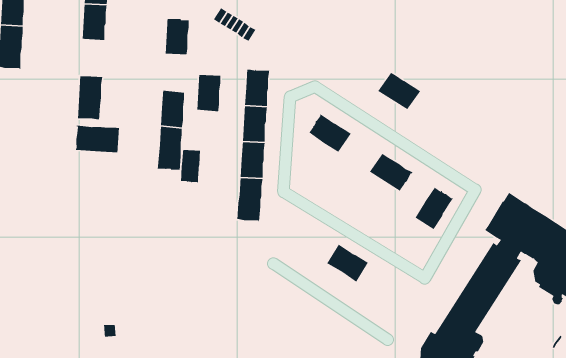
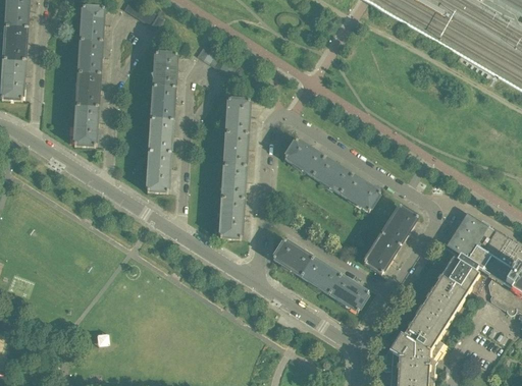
building: none -> [75,71,99,105]
building: [377,72,421,110] -> [311,157,351,191]
building: [196,74,221,112] -> [151,85,173,119]
building: [75,125,120,153] -> none
building: [180,149,201,183] -> none
building: none -> [362,233,398,272]
building: none -> [271,239,311,275]
building: none -> [327,274,367,310]

